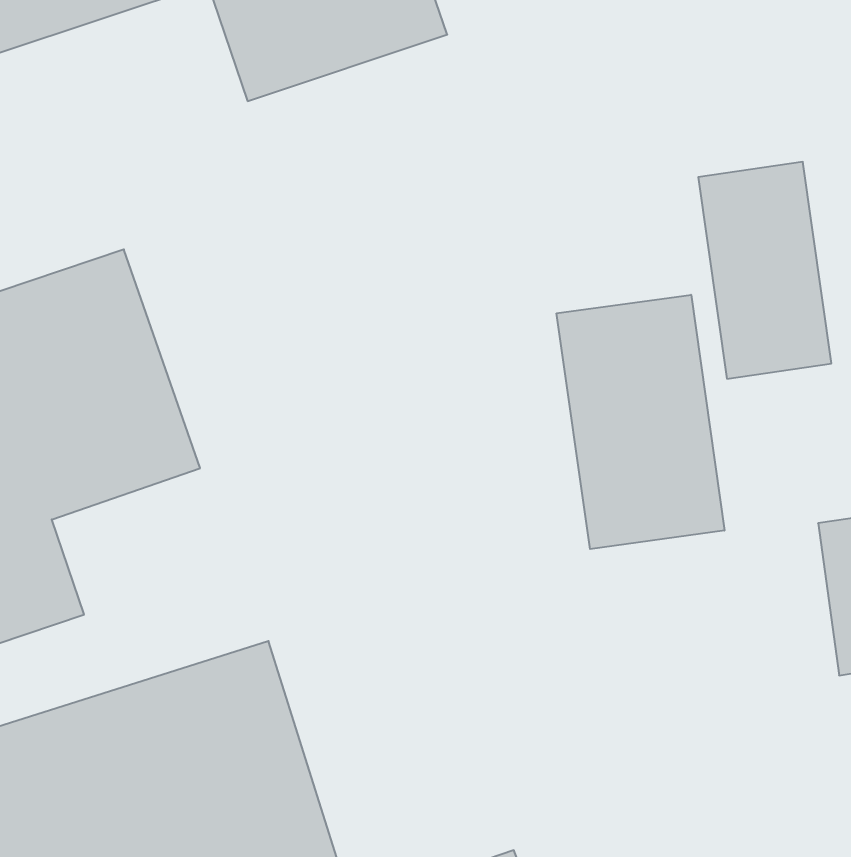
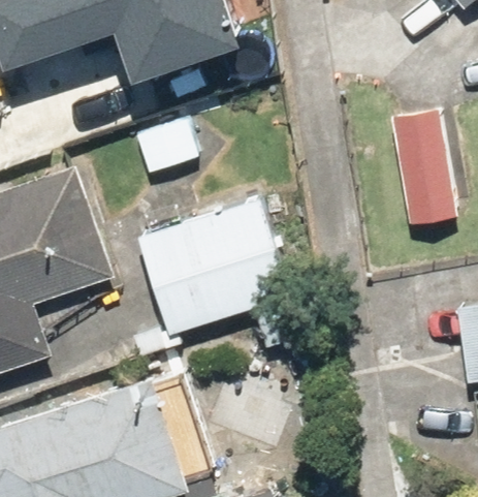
building: [557,295,724,549] -> none
building: none -> [134,196,289,337]

